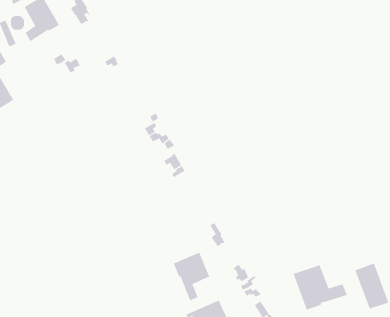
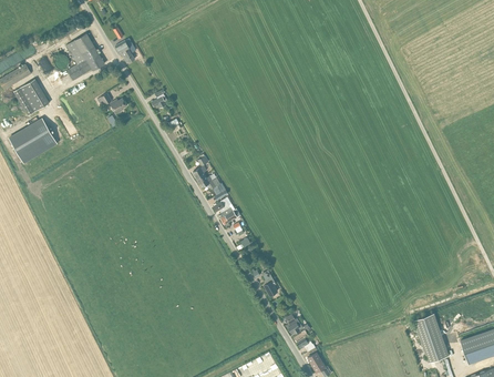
building: [173,252,210,301] -> none
building: [293,264,347,310] -> none

